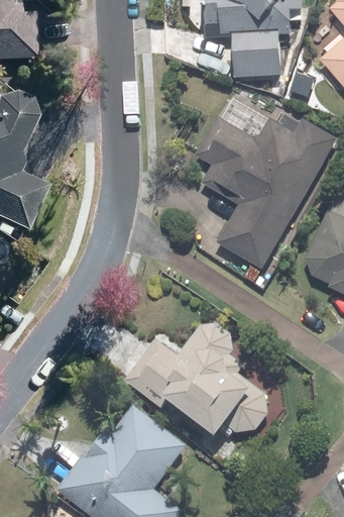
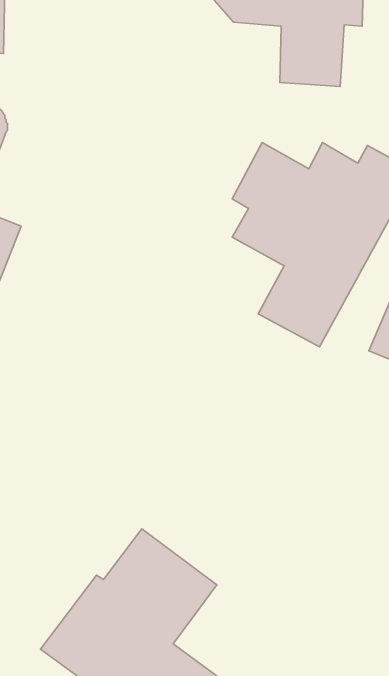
building: [95,322,267,438] -> none

